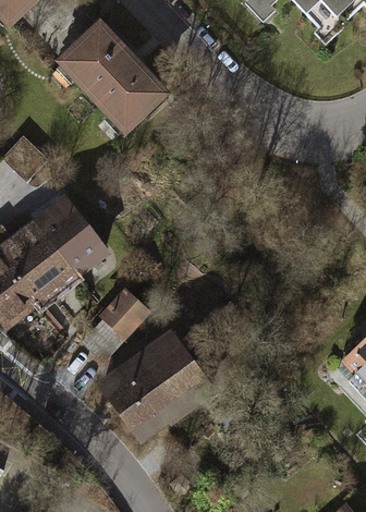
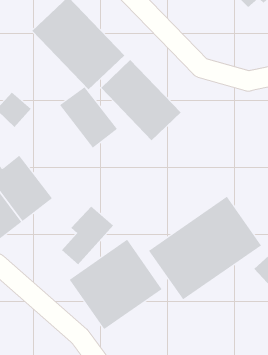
building: none -> [101,59,181,141]
building: [33,196,108,276] -> [59,86,118,148]
building: none -> [148,196,262,300]

